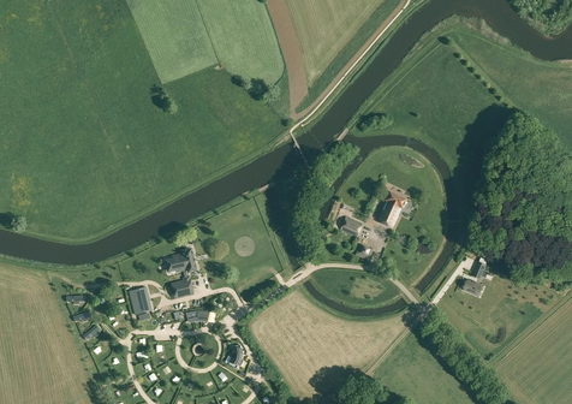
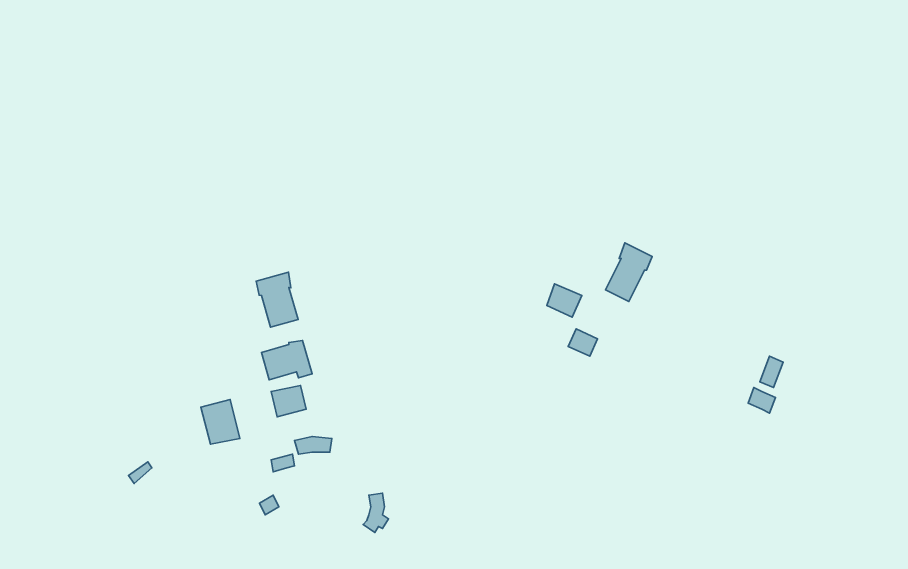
building: none -> [256,272,298,327]

